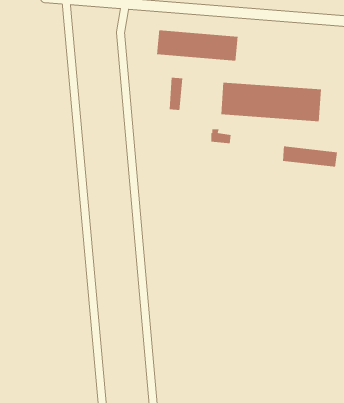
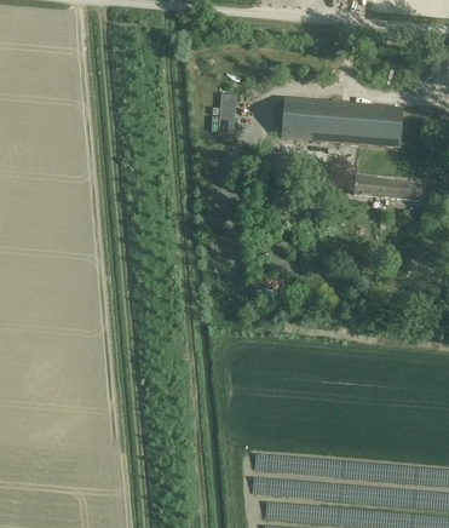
building: [157,29,238,61] -> none

